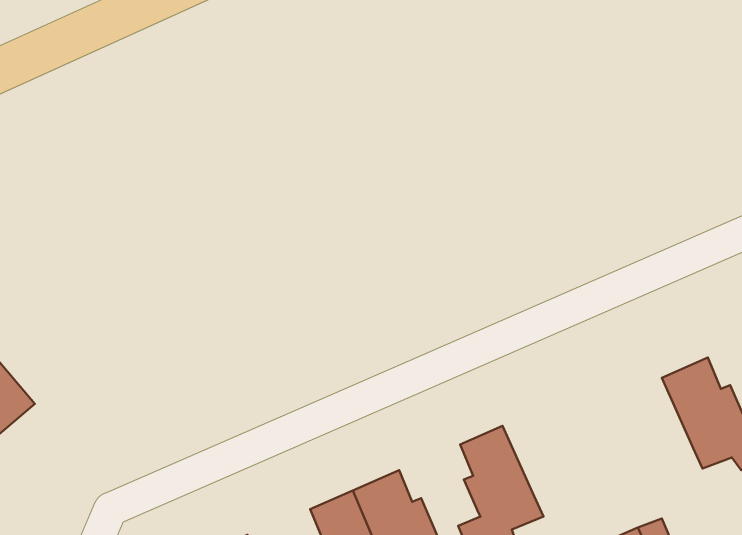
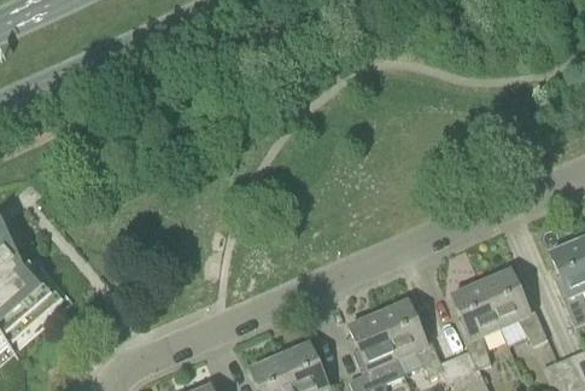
building: none -> [451,282,501,367]
building: none -> [376,300,443,373]

